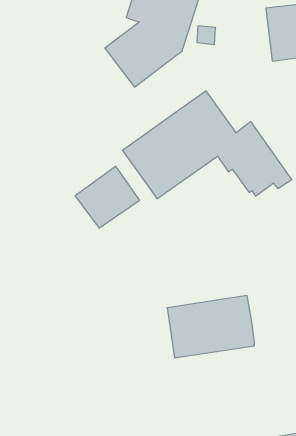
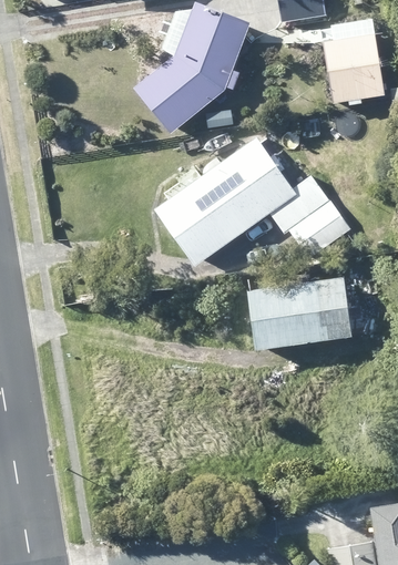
building: [75,166,140,228] -> none
building: [167,296,254,358] -> [247,276,351,350]

